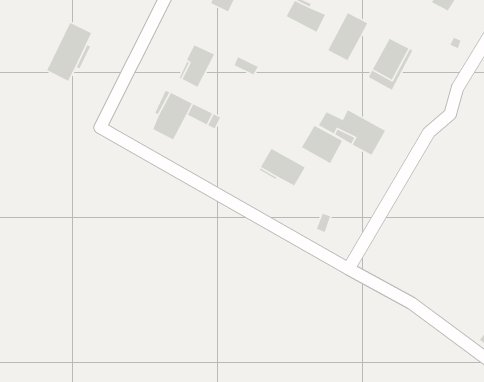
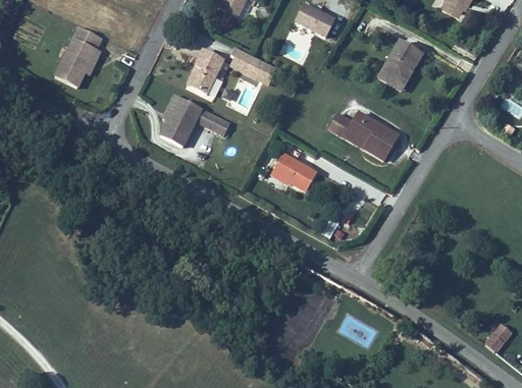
building: [327,12,368,61] -> none
building: [301,125,343,164] -> none

